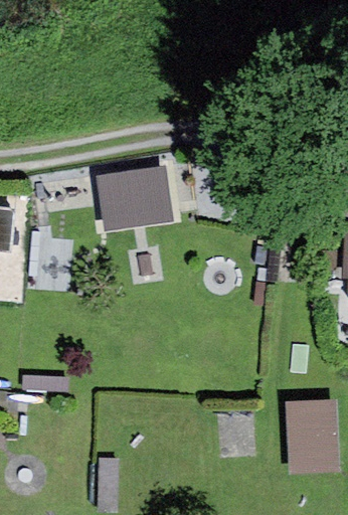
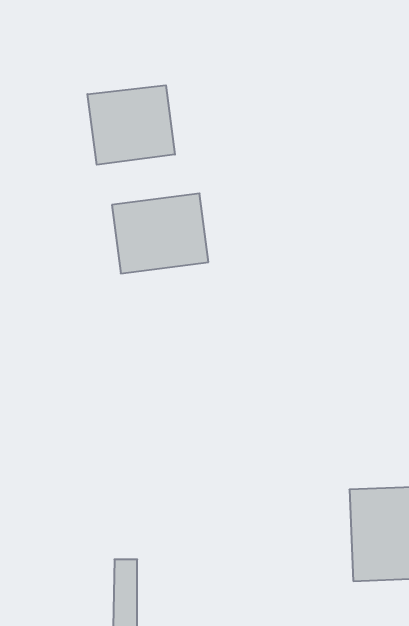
building: none -> [87,85,175,165]

